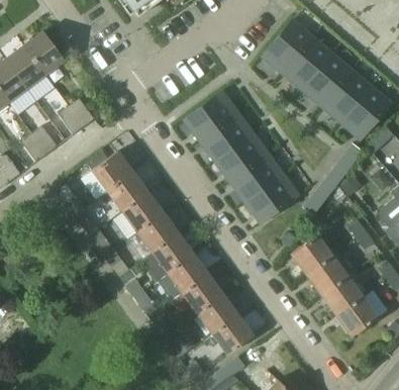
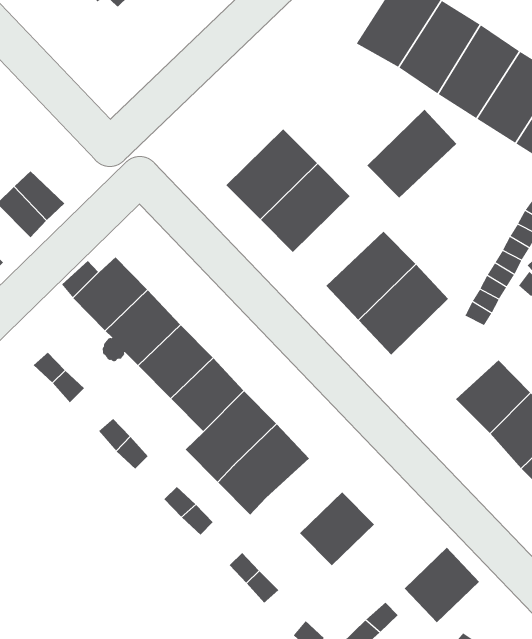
building: [214,135,265,182] -> [367,109,457,199]
building: [182,274,223,313] -> none
building: [212,314,254,355] -> [404,547,480,623]

